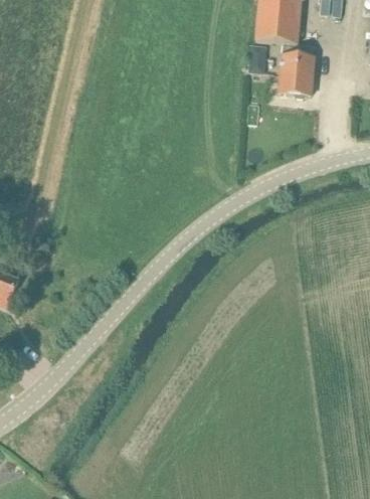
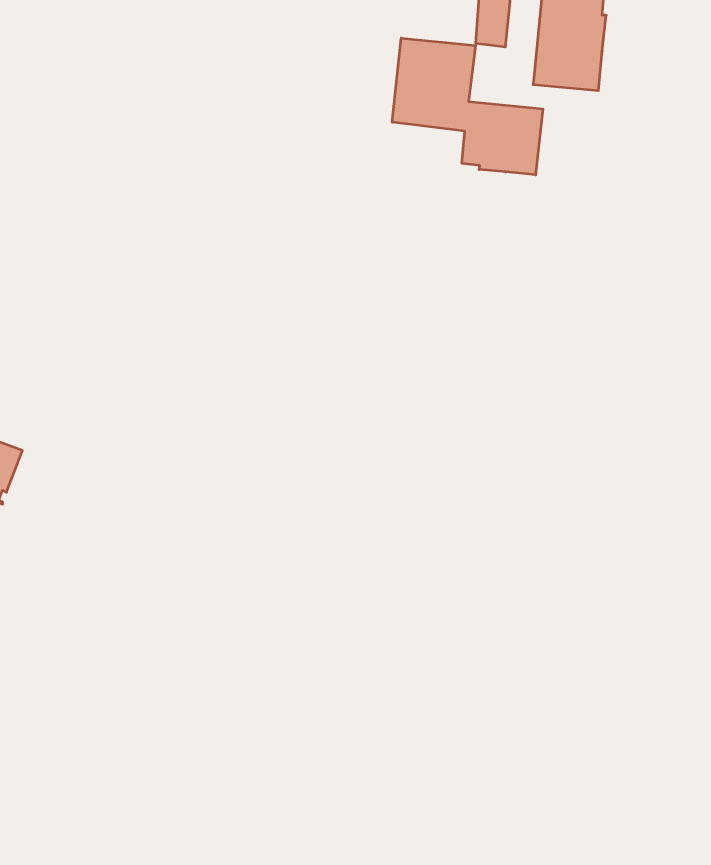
building: none -> [392,38,543,175]

